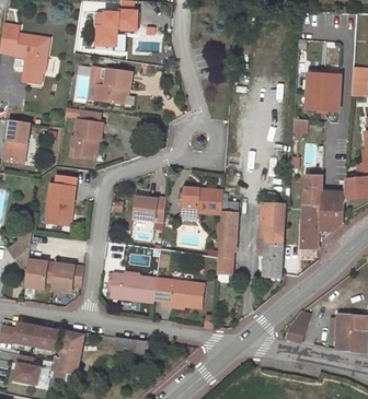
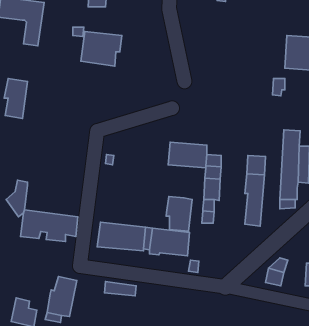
building: [70,121,104,162] -> none
building: [45,184,74,226] -> none
building: [131,197,165,223] -> none
building: none -> [166,196,192,231]
building: [12,320,59,349] -> none

